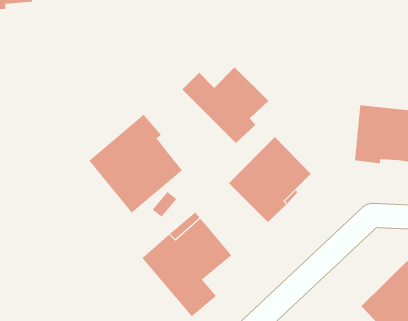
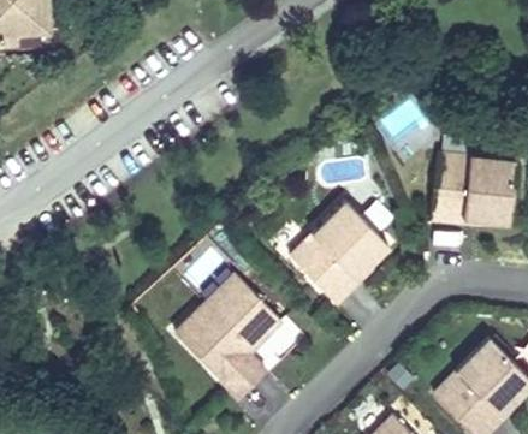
building: [182,66,269,144] -> none
building: [88,114,183,214] -> none

